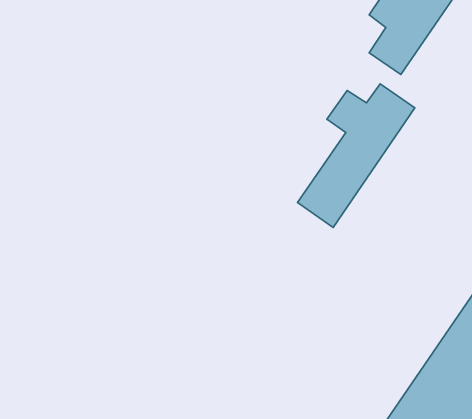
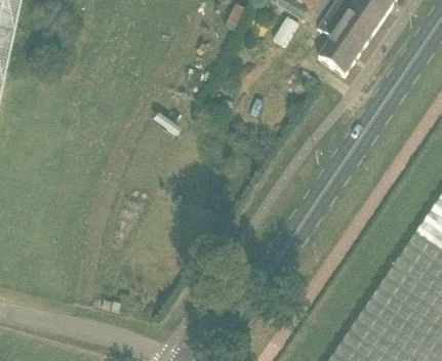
building: [298,84,415,227] -> none

